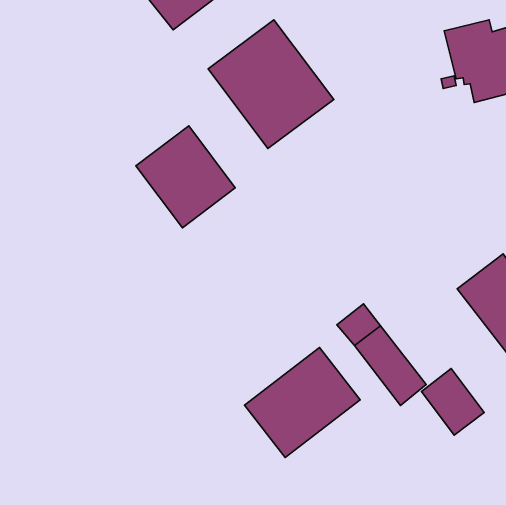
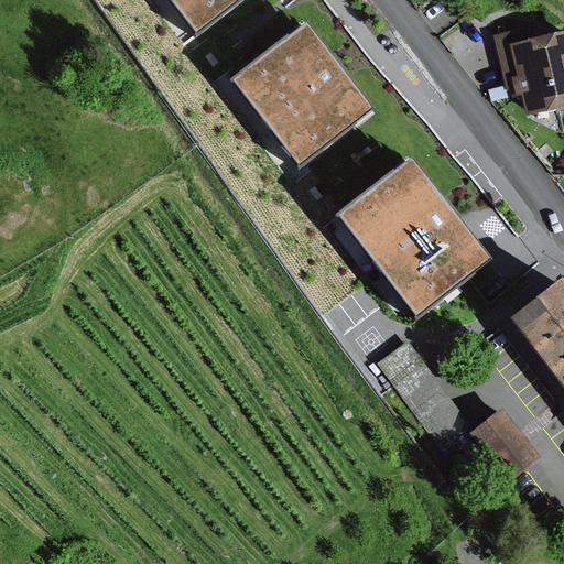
building: [136,126,235,228] -> none
building: none -> [336,156,490,317]
building: [245,348,360,457] -> none

